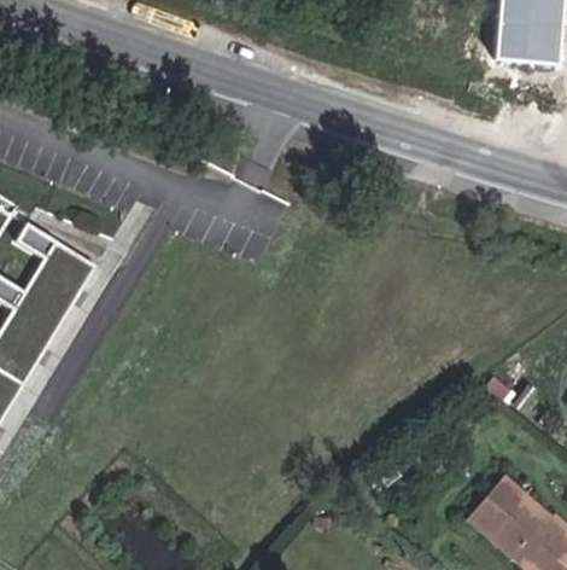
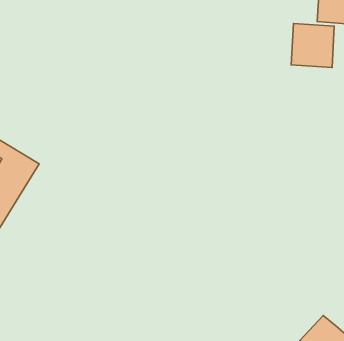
building: none -> [291,24,334,68]

